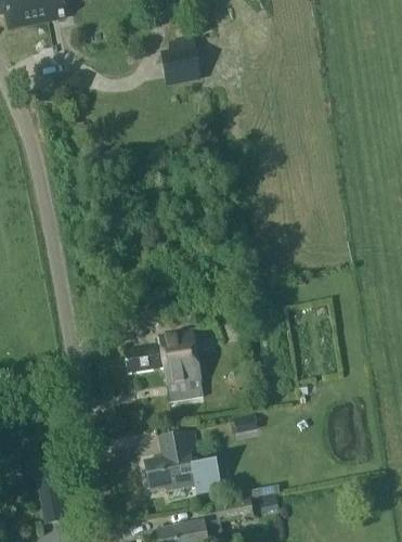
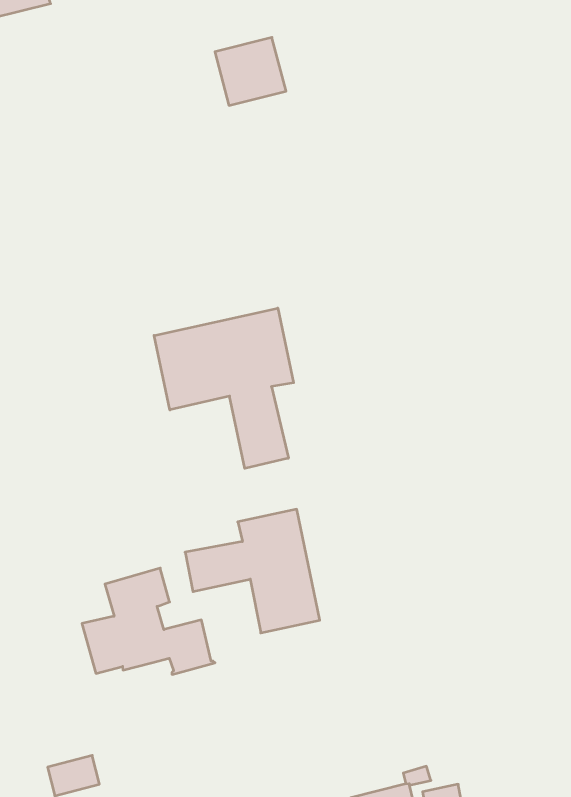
building: none -> [154,308,294,468]
building: [144,429,222,493] -> [82,568,215,674]

